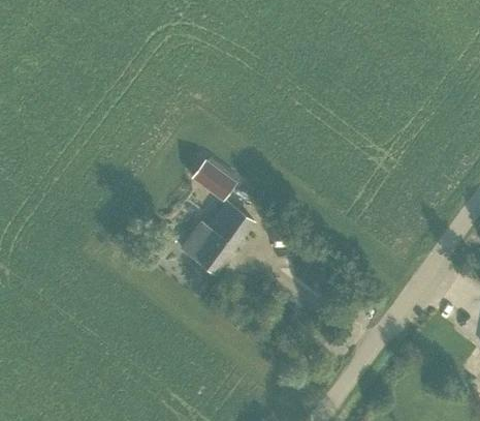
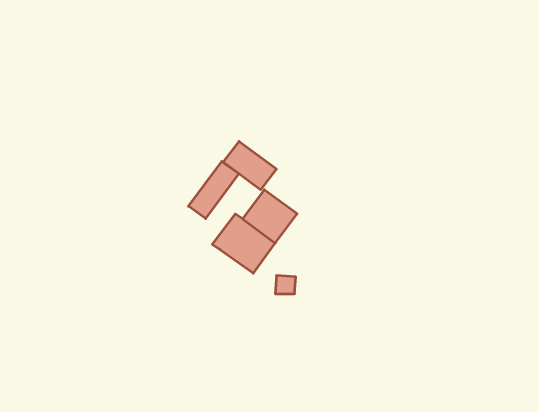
building: none -> [188,161,239,219]

